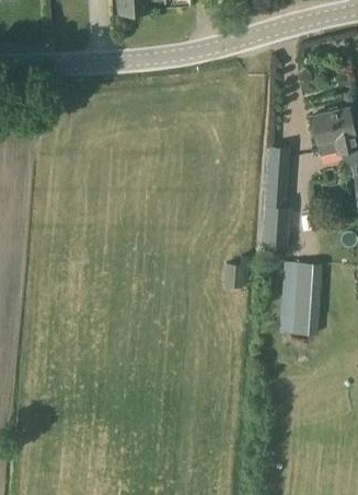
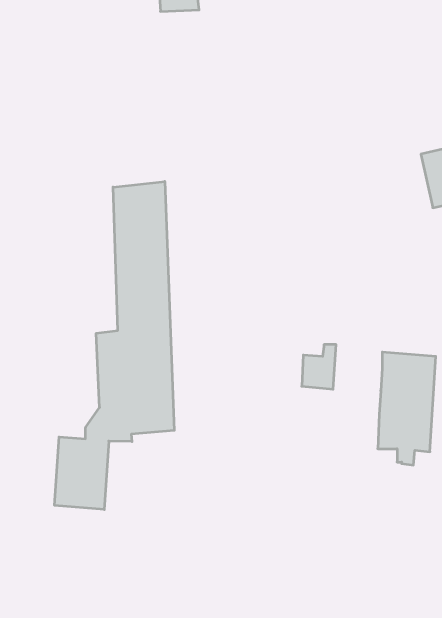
building: none -> [55,181,174,510]
building: [262,145,289,248] -> none

